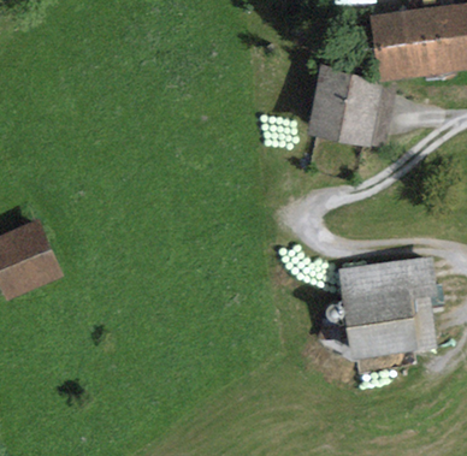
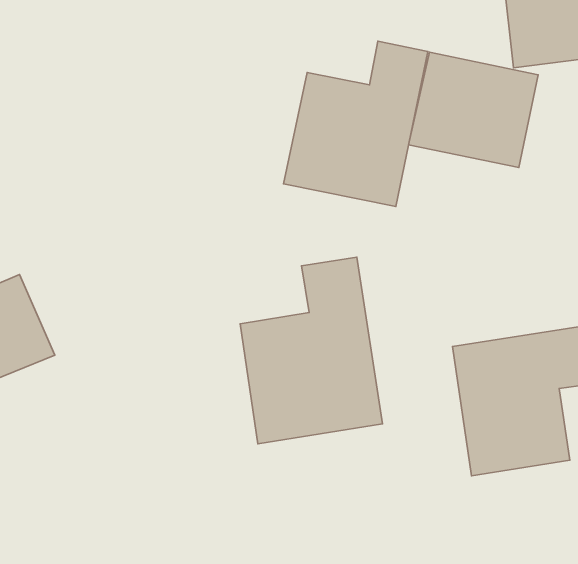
building: none -> [283,41,428,207]
building: none -> [240,257,383,444]

